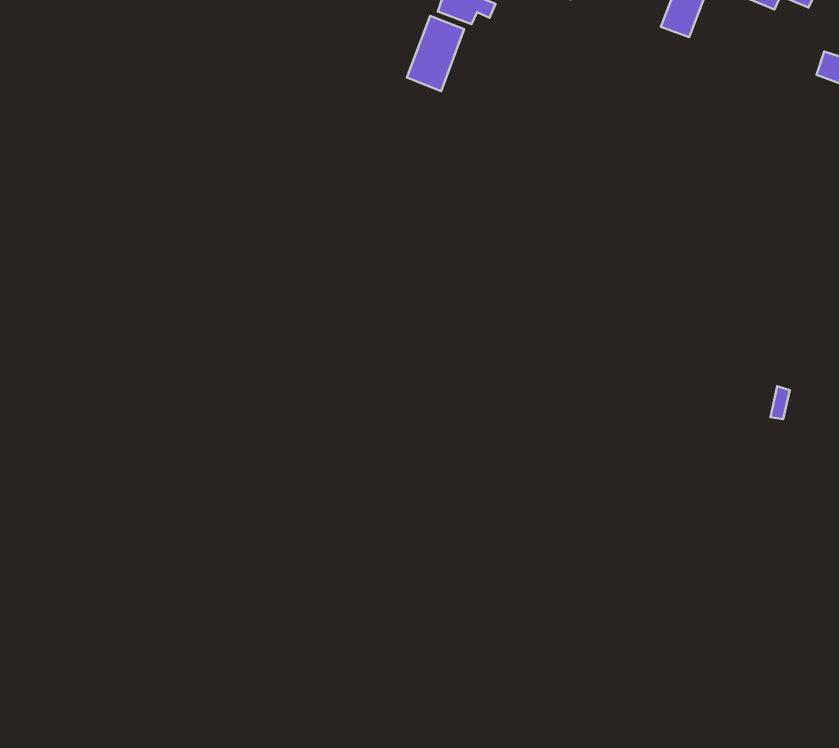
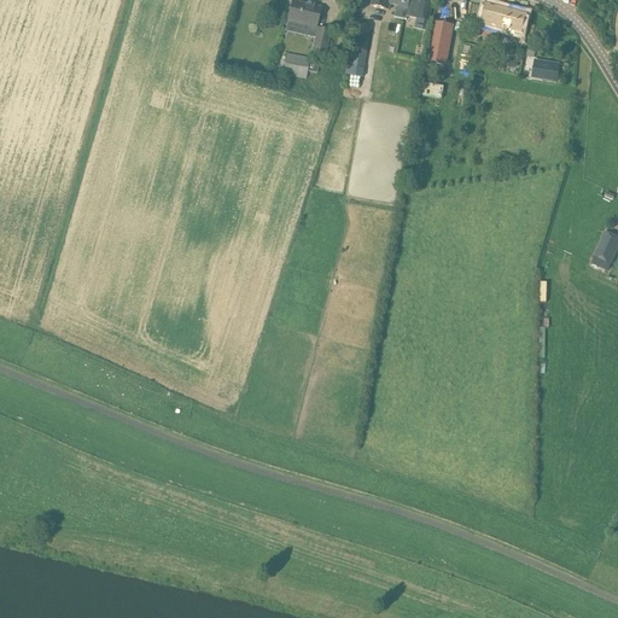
building: [407,16,464,91] -> none

